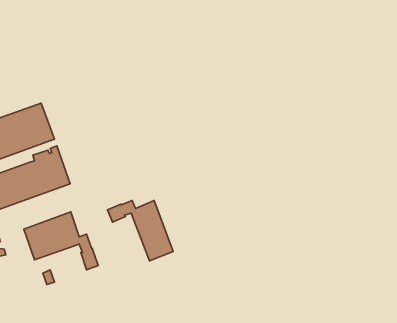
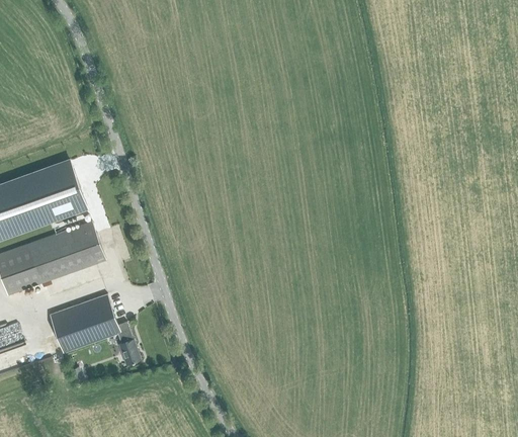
building: [108,201,173,261] -> none

